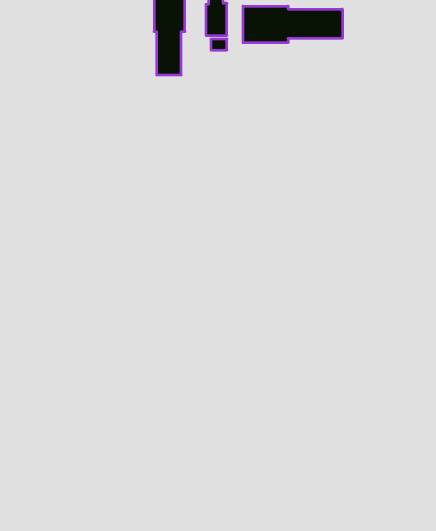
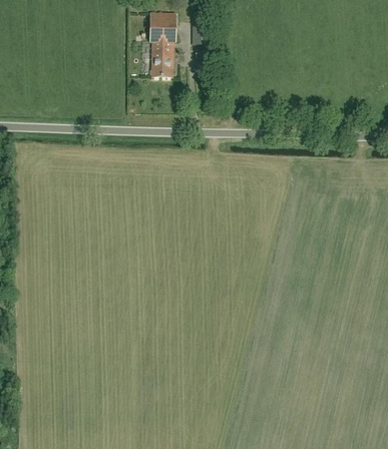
building: [243,6,342,43] -> none

